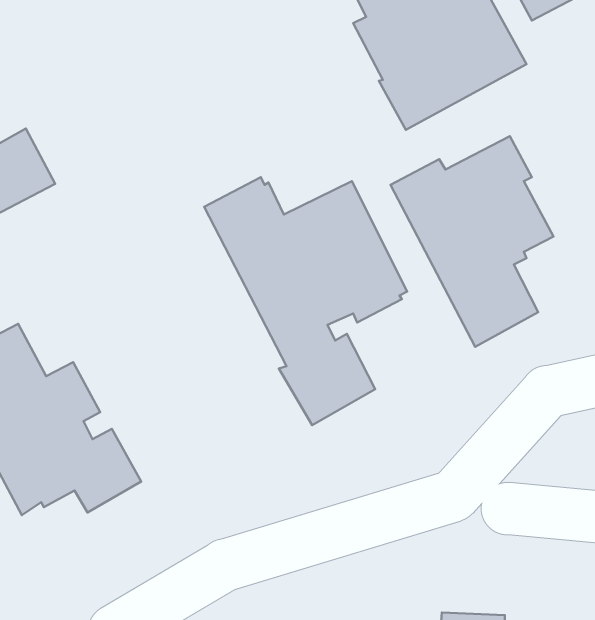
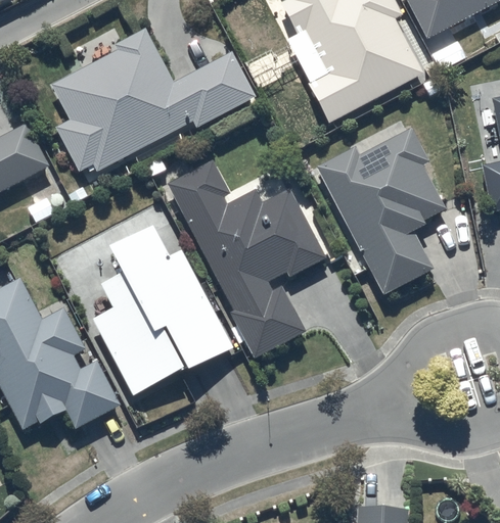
building: none -> [50,30,255,173]
building: none -> [92,224,232,396]

